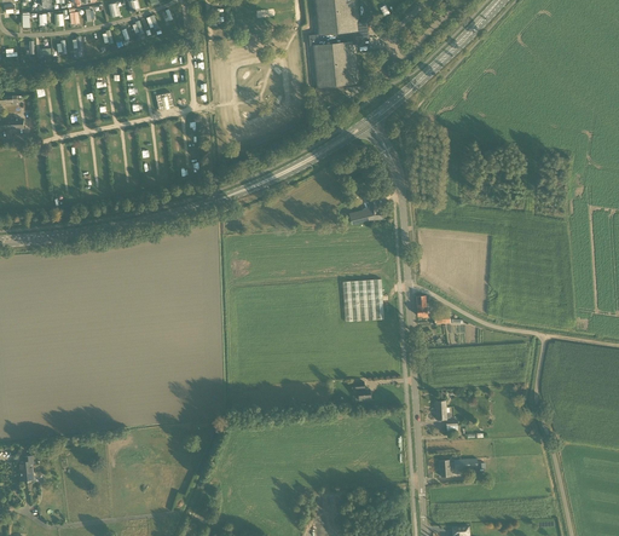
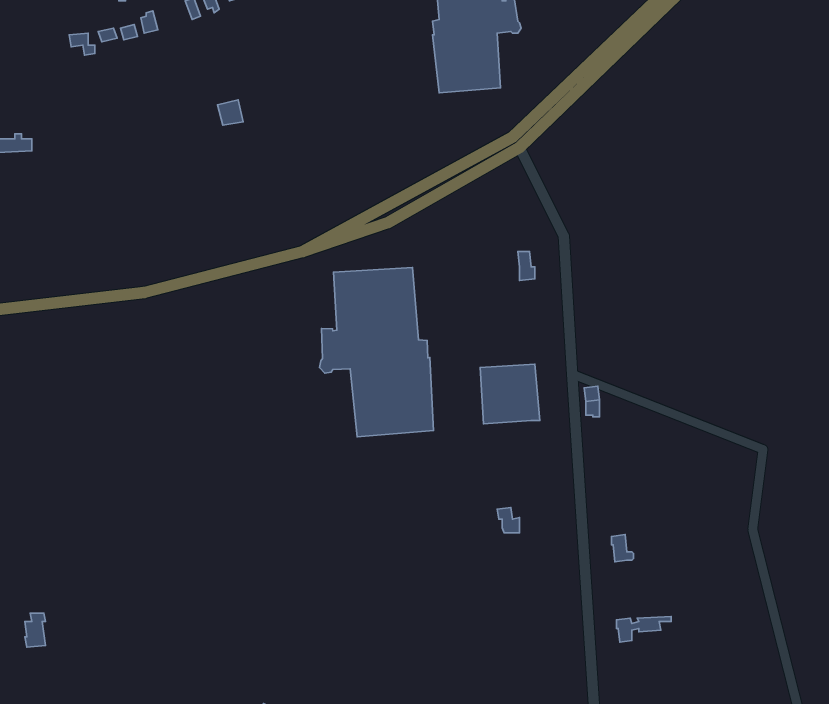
building: none -> [320,267,434,437]

